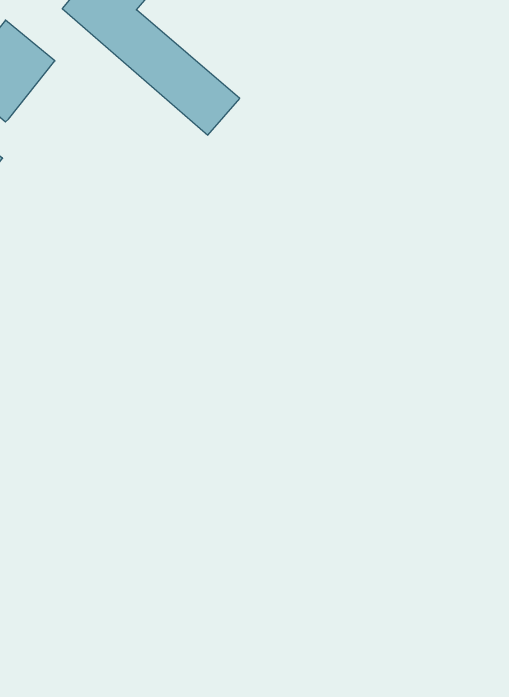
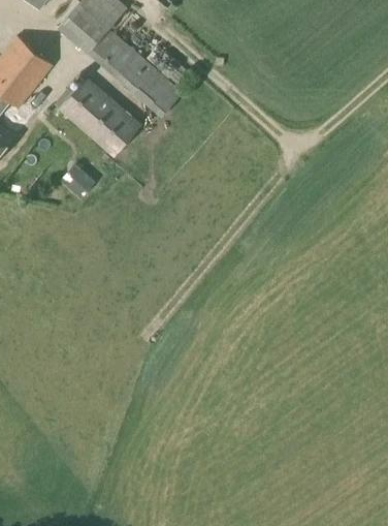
building: none -> [55,76,141,155]
building: none -> [60,162,96,197]

